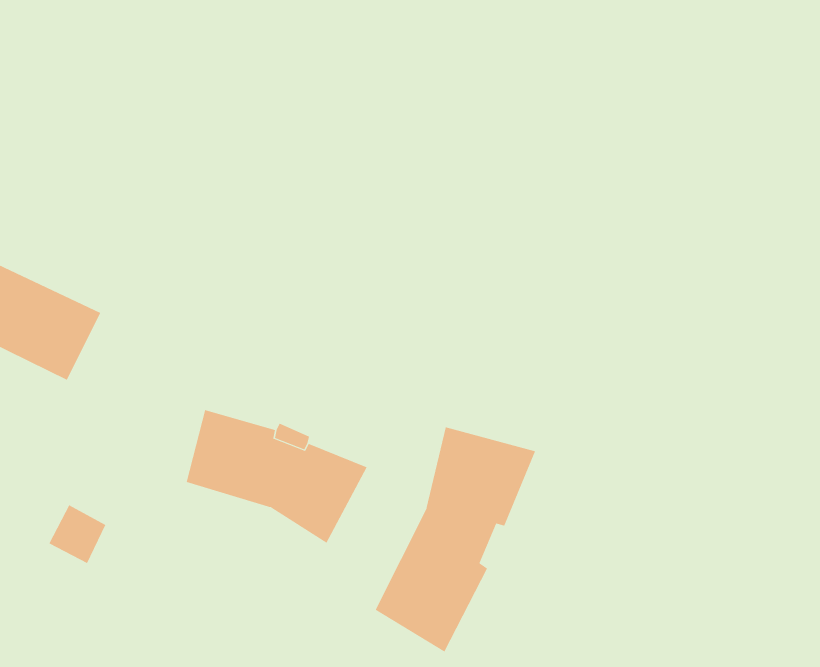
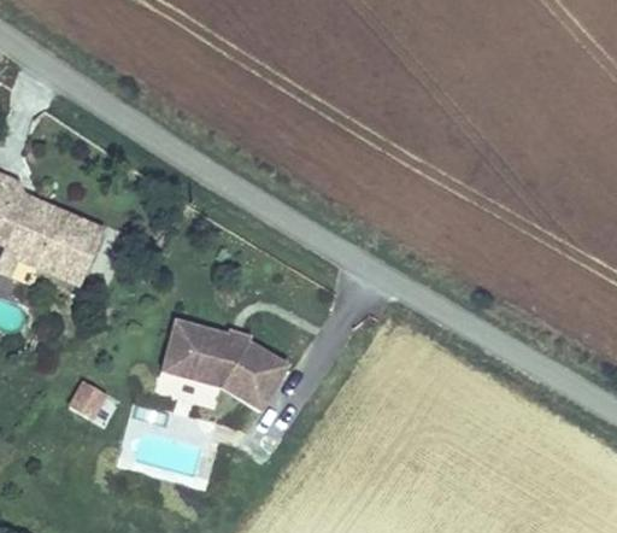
building: [375,427,536,652] -> none

